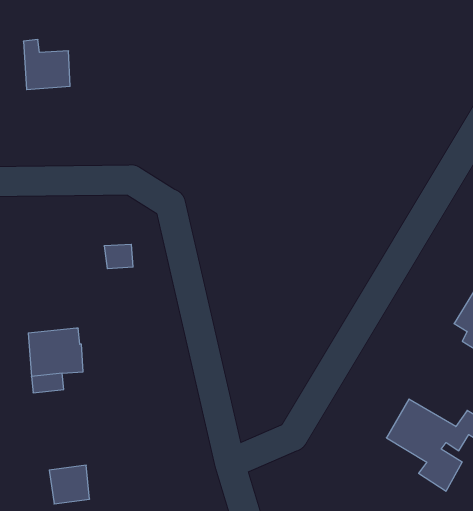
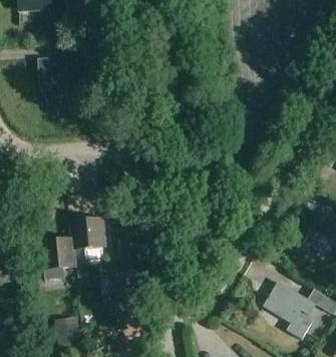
building: none -> [70,220,105,259]

